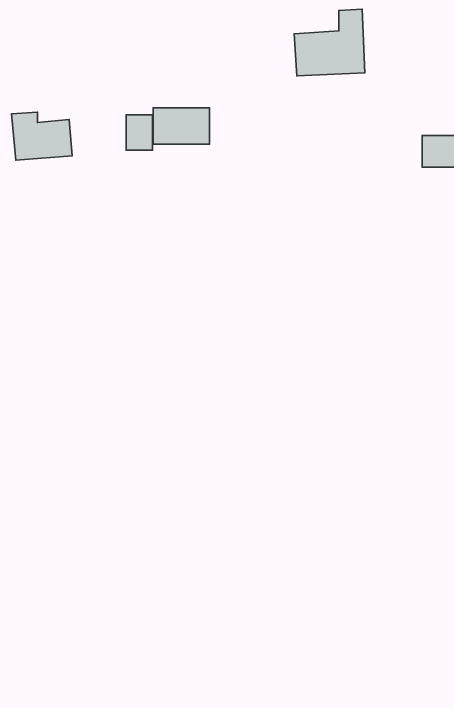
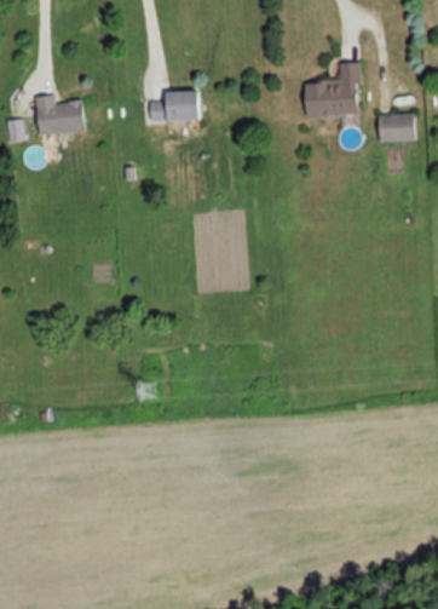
building: [294,9,365,76] -> [301,62,361,117]
building: [126,115,153,150] -> none

